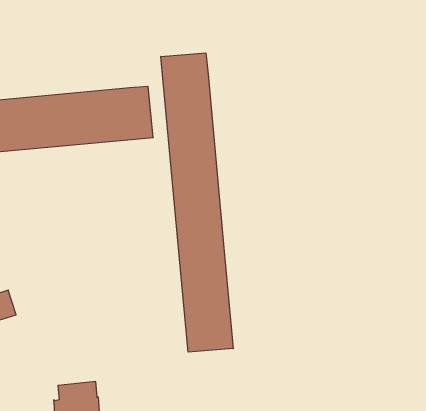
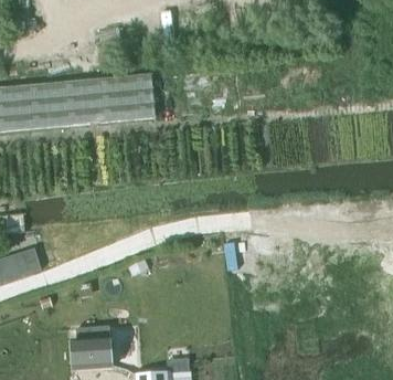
building: [161,53,233,352] -> none

